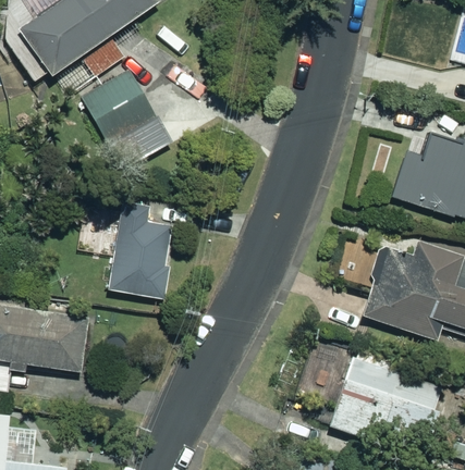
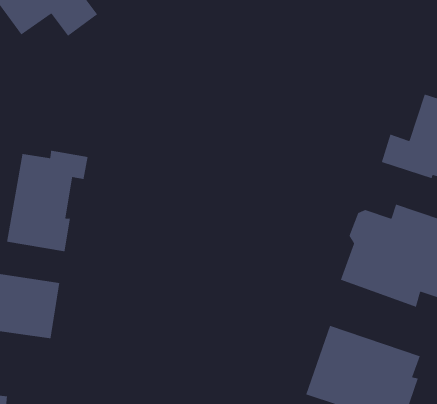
building: [81,67,156,143] -> none
building: [106,199,186,299] -> [6,150,89,252]

